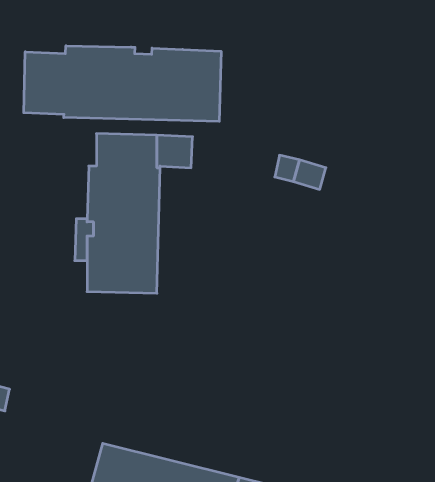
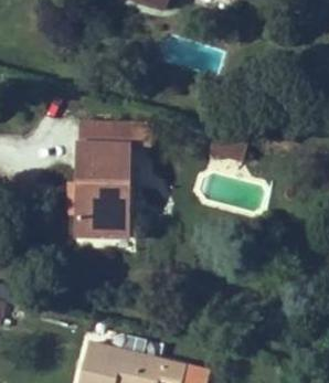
building: [24,46,221,121] -> none

